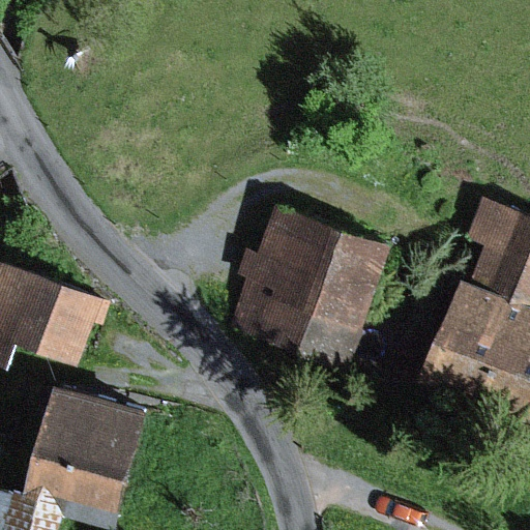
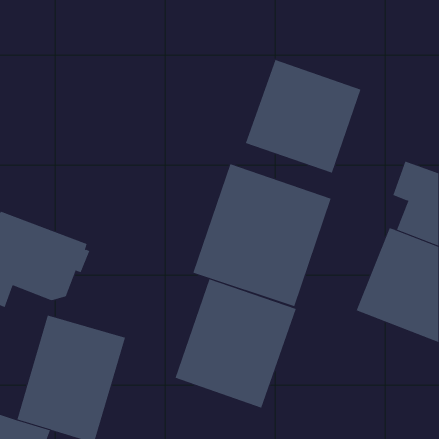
building: none -> [245,59,361,173]
building: none -> [175,278,297,409]

